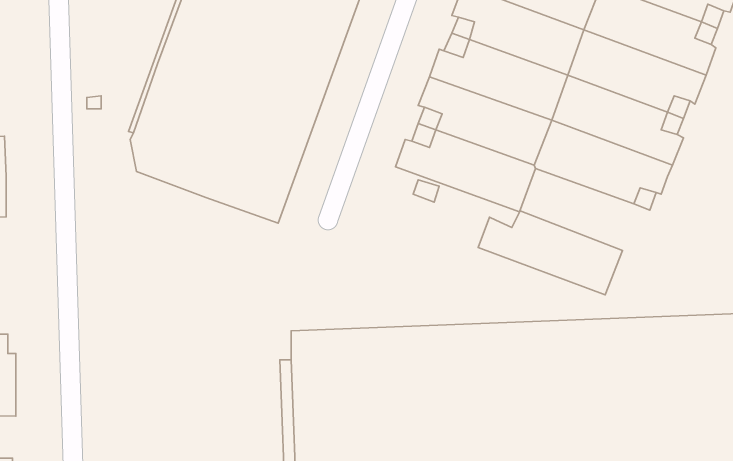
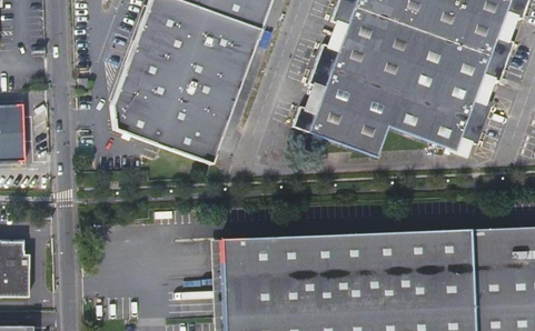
building: [478,211,622,295] -> none

